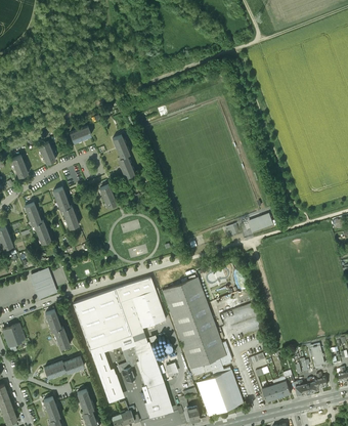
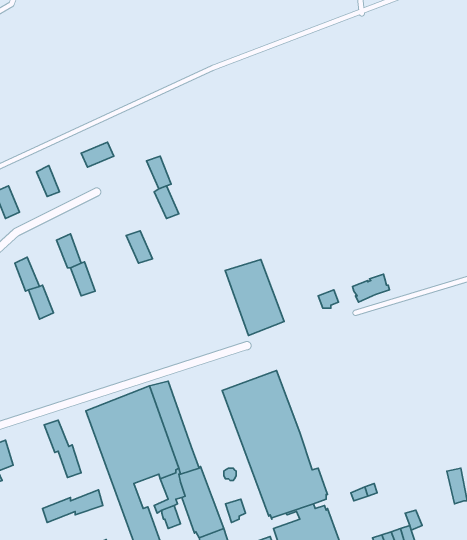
building: [31,269,55,297] -> none
building: [127,278,166,328] -> [225,260,284,336]

